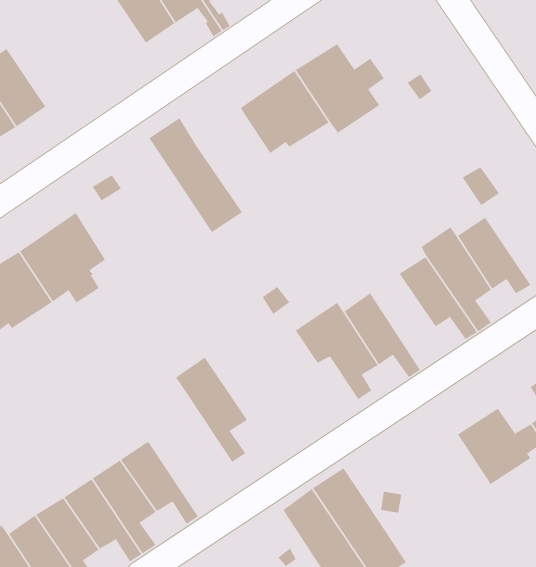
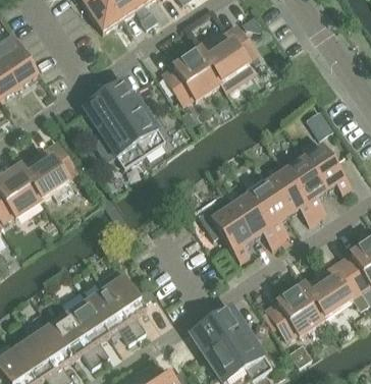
building: none -> [84,92,145,166]
building: none -> [248,179,289,241]
building: [175,357,248,462] -> [100,268,147,336]
building: none -> [277,283,325,337]

